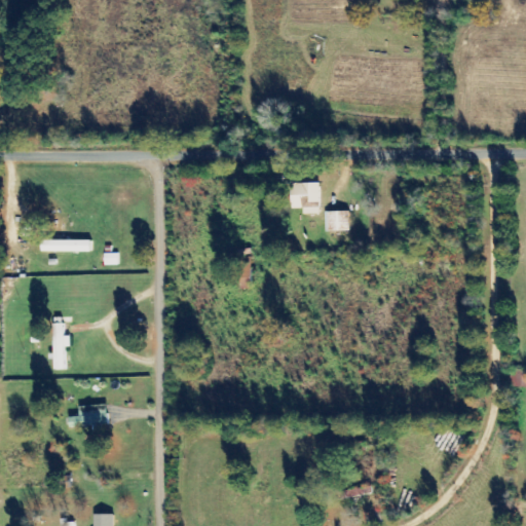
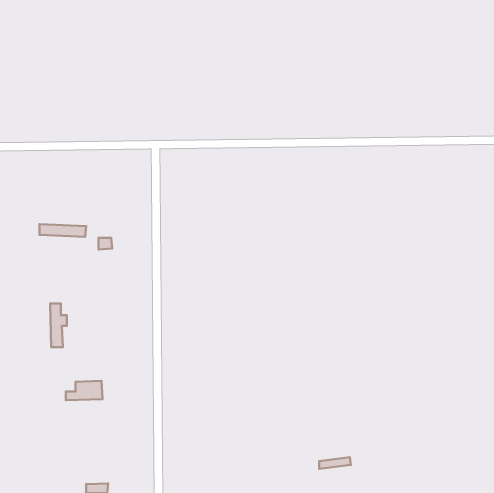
building: [291,183,321,214] -> none
building: [326,211,350,231] -> none

